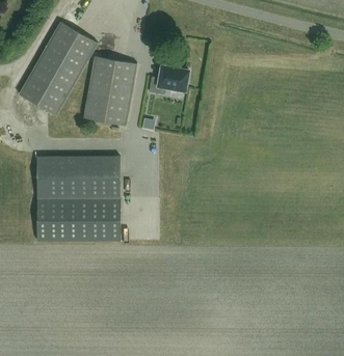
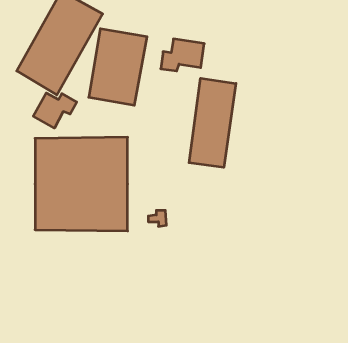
building: none -> [189,78,236,167]
building: none -> [33,93,77,128]

